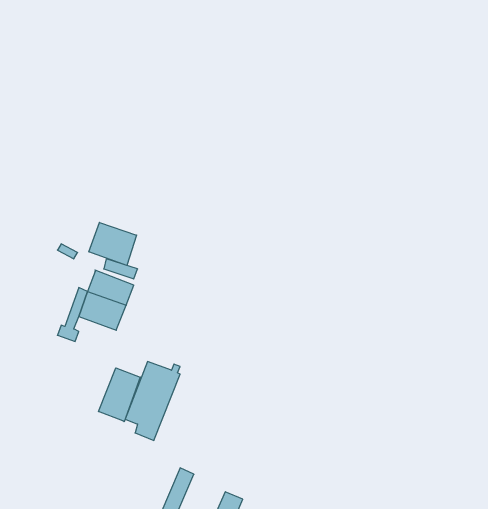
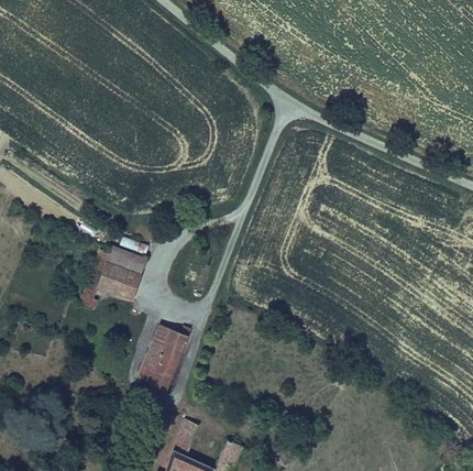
building: [89,222,137,265] -> none
building: [99,368,140,422] -> none

